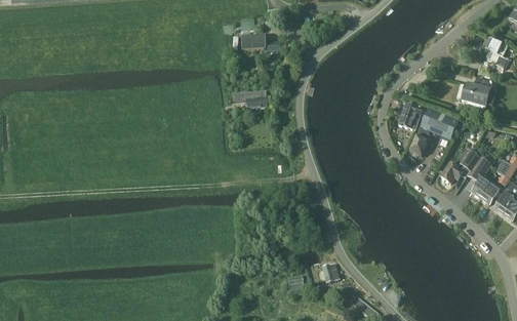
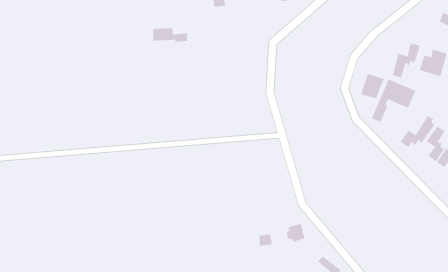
building: [241,36,279,51] -> [152,28,188,42]
building: none -> [392,43,420,78]
building: [232,92,267,109] -> none

